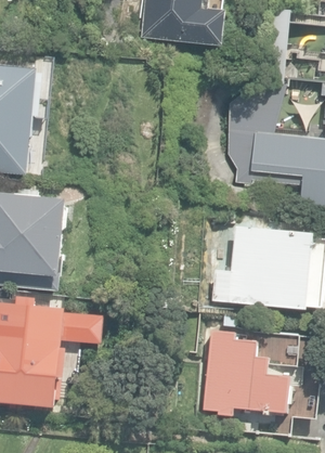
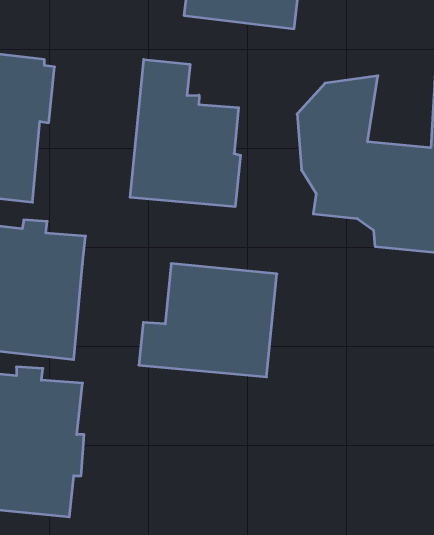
building: none -> [130,59,241,207]
building: [212,226,314,310] -> [139,264,277,377]
building: [204,331,290,415] -> none

